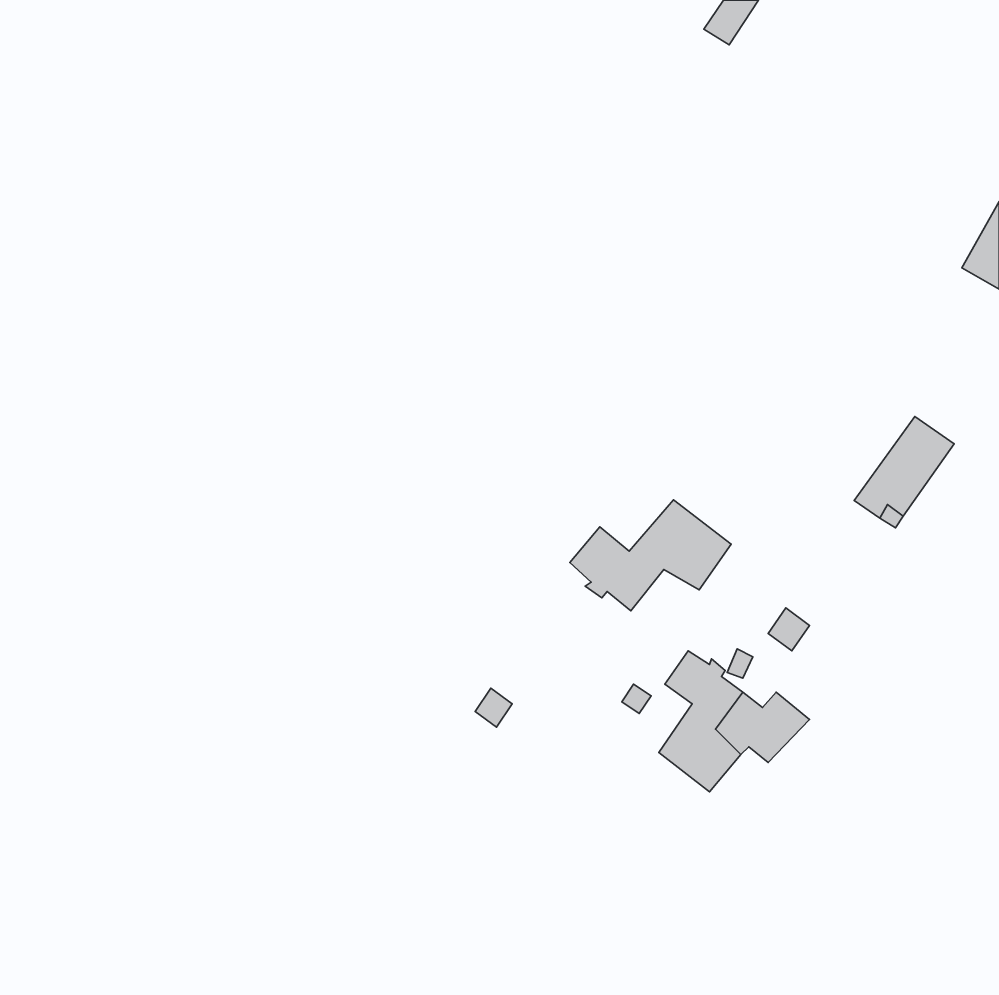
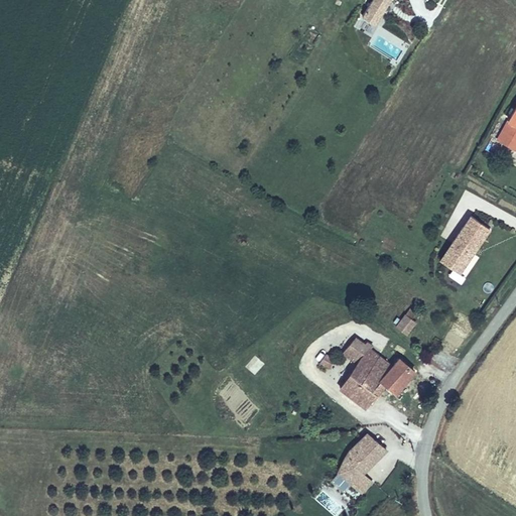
building: [570,500,731,611] -> none
building: none -> [337,433,389,495]

